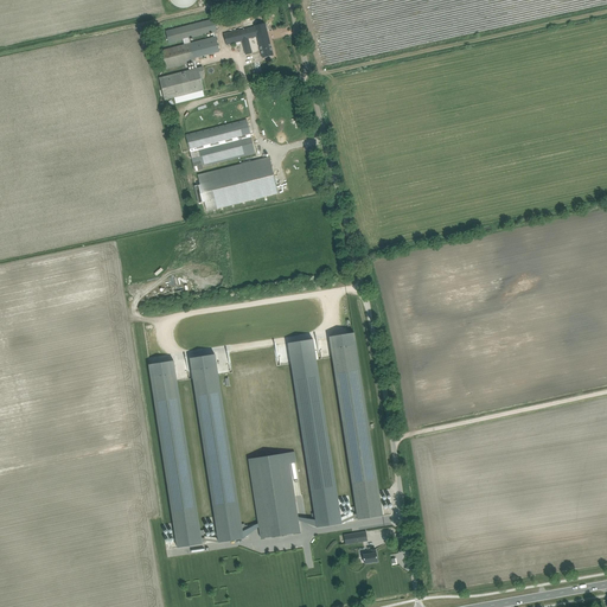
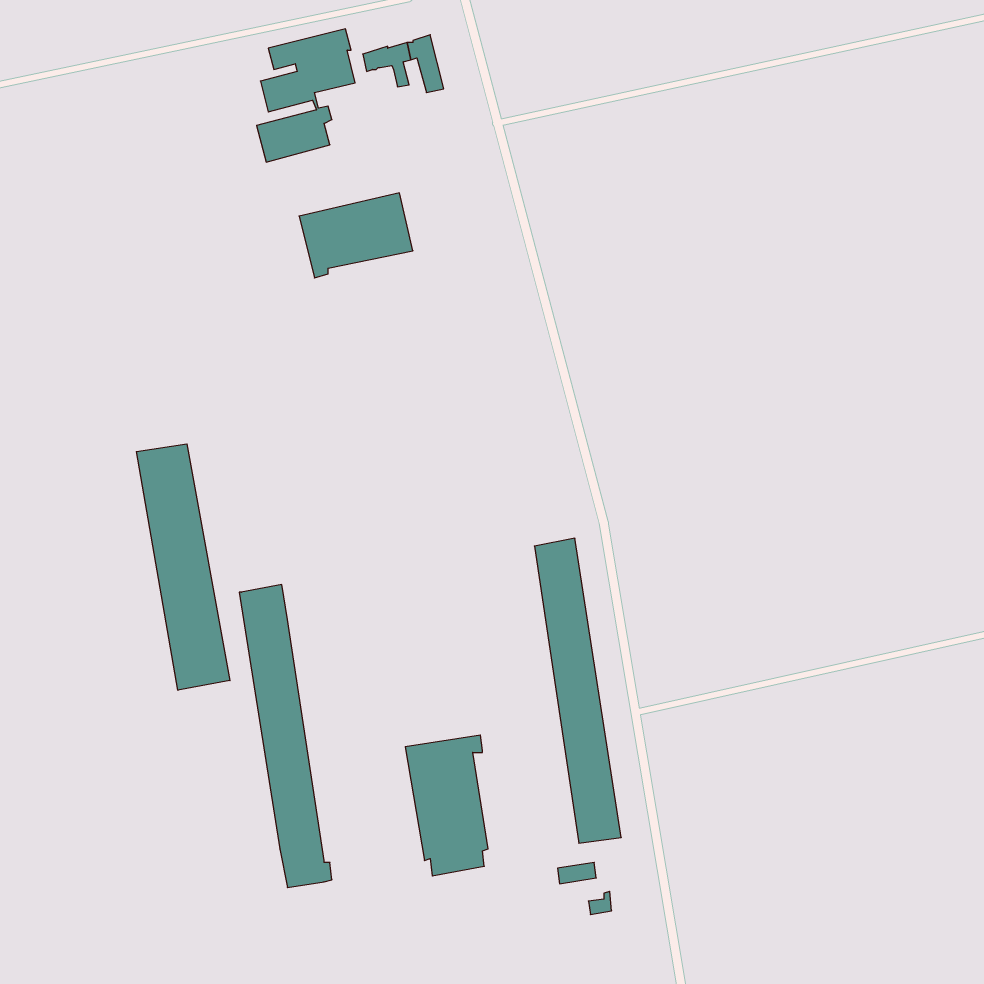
building: [194,156,276,210] -> none
building: none -> [136,444,230,690]
building: [288,346,340,522] -> none
building: [189,353,247,542] -> none

